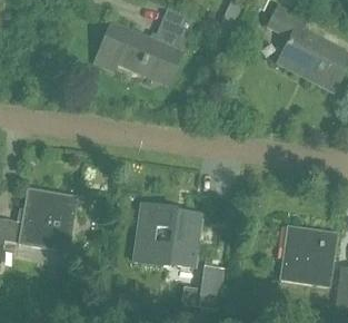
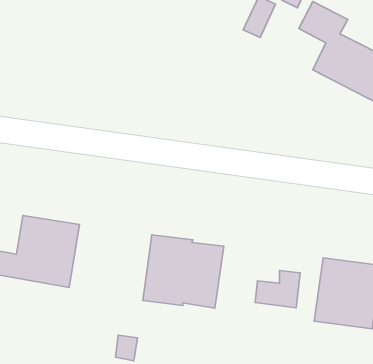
building: [93,7,192,84] -> none
building: [181,276,220,309] -> [255,270,300,308]

